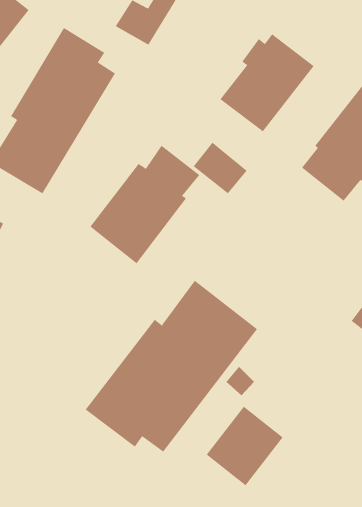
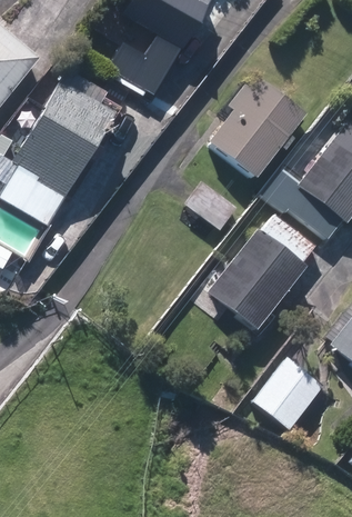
building: [89,145,200,264] -> [209,215,310,324]
building: [85,280,258,453] -> none
building: [206,406,284,486] -> [251,351,322,425]

